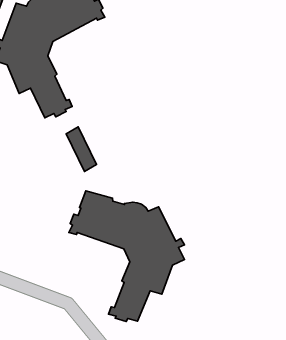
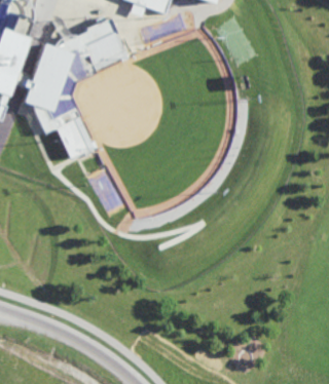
building: [69,191,185,322] -> none

